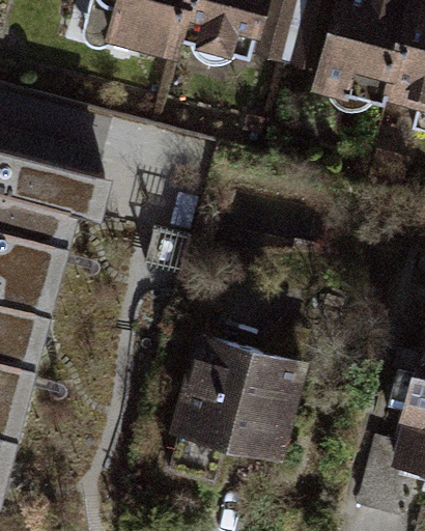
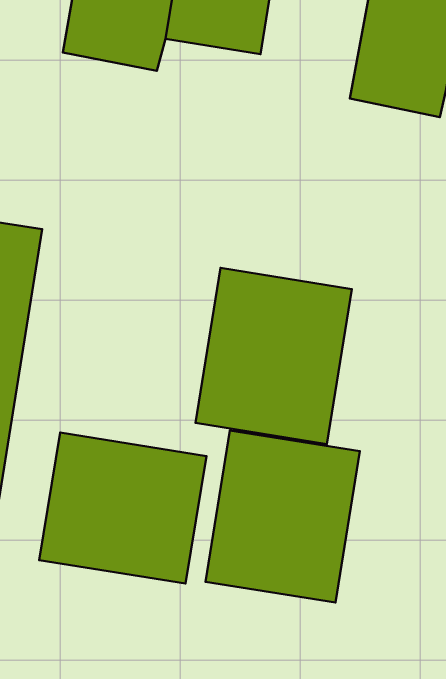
building: none -> [196,268,352,444]
building: none -> [39,432,206,584]

